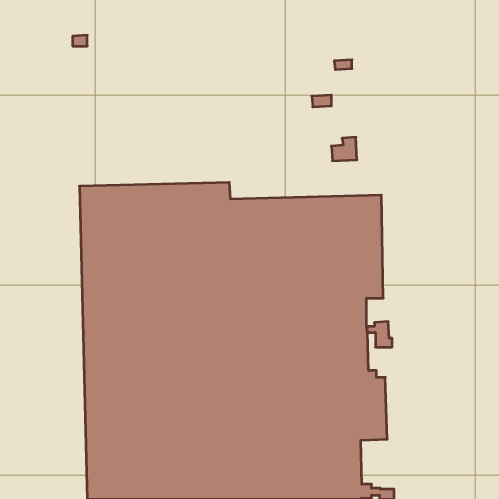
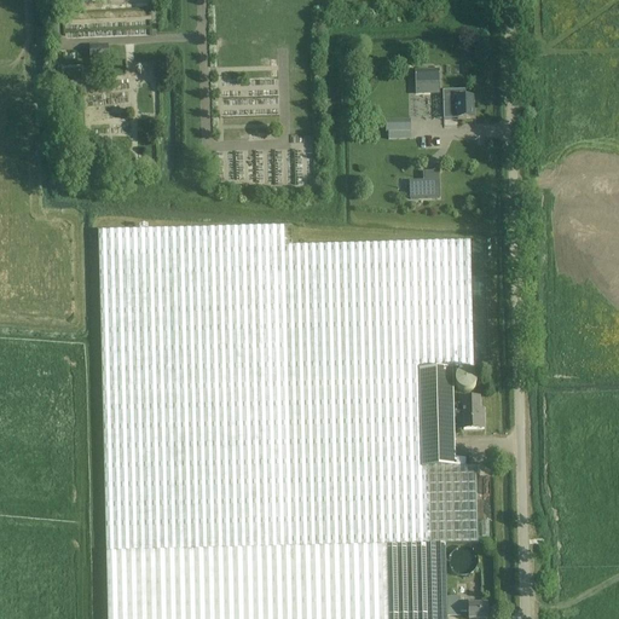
building: none -> [445,89,475,117]

